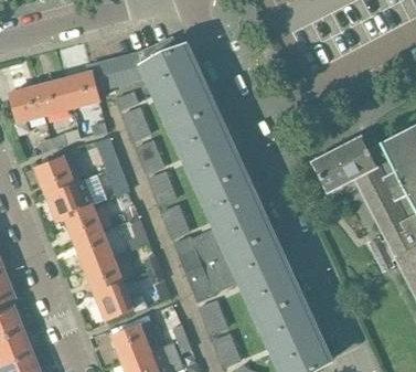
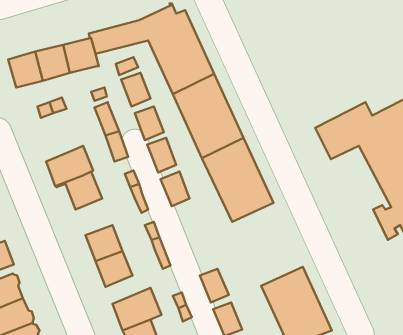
building: [36,158,74,195] -> none
building: [172,227,300,318] -> none
building: [76,232,113,268] -> none

